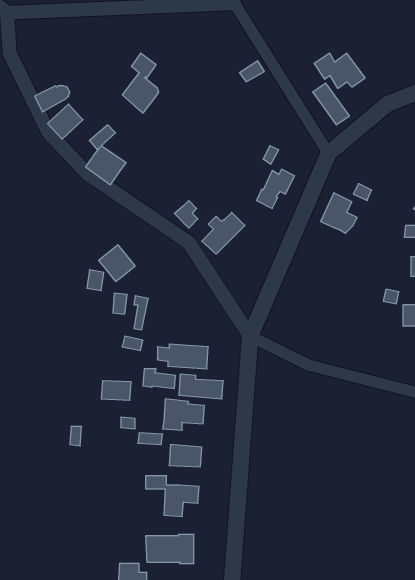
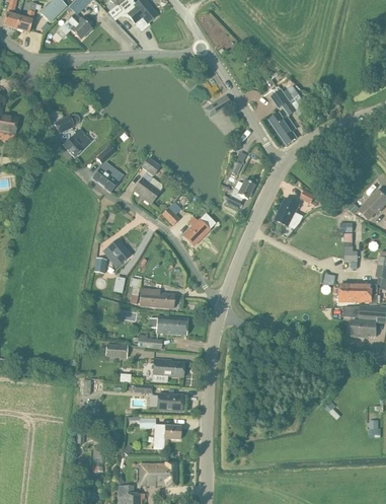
building: [122,53,159,113] -> [134,157,162,204]
building: [179,374,223,399] -> [140,289,174,308]

